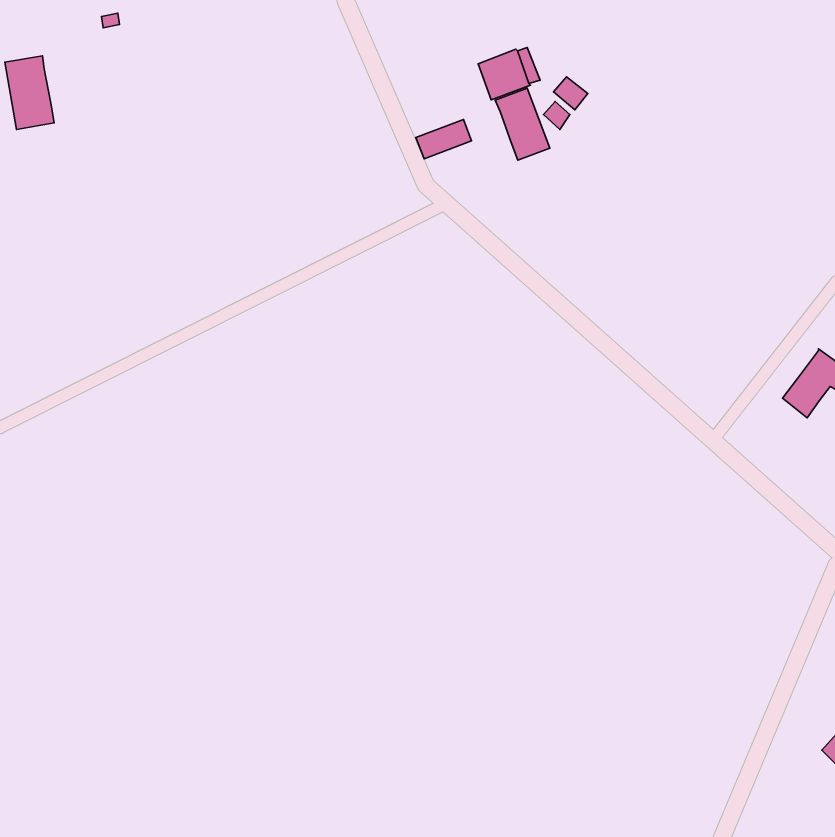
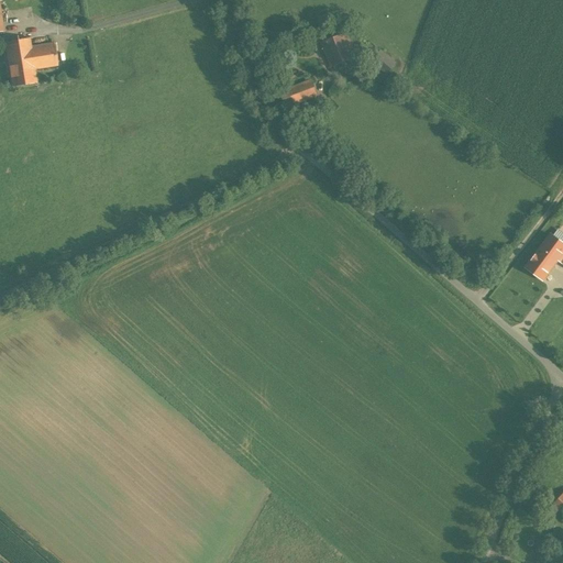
building: none -> [31,43,58,69]
building: [495,88,550,160] -> none

